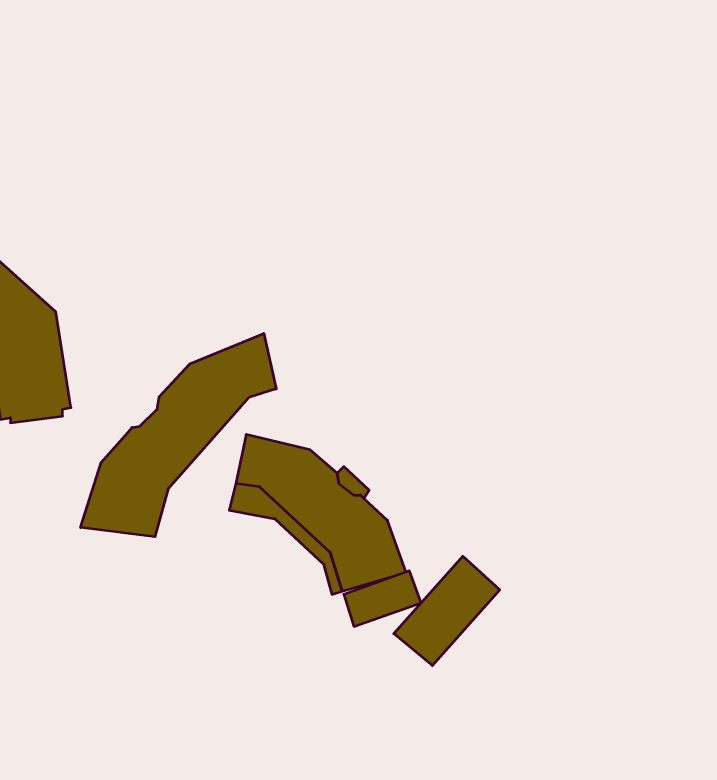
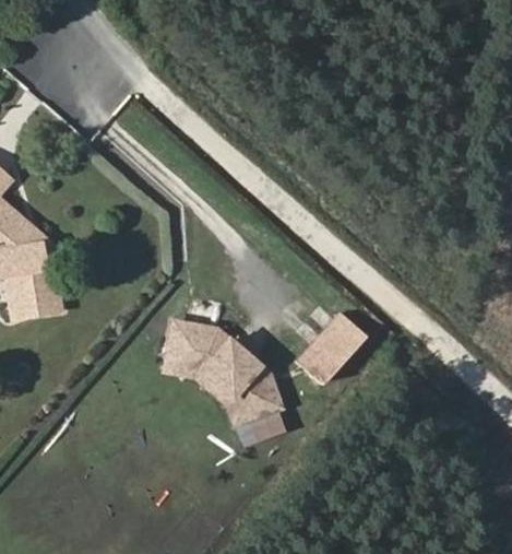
building: [81,333,276,537] -> none
building: [394,556,500,666] -> [296,316,365,387]

